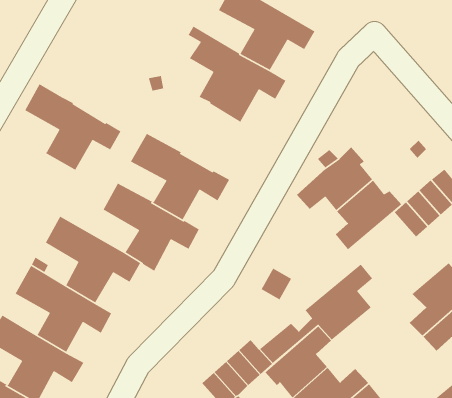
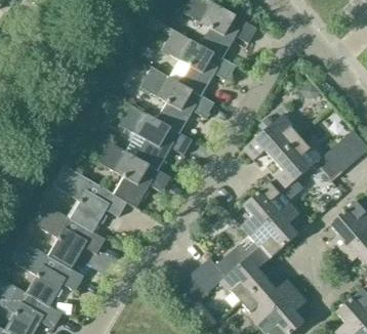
building: [24,83,122,171] -> [141,67,214,132]
building: none -> [240,179,291,236]

